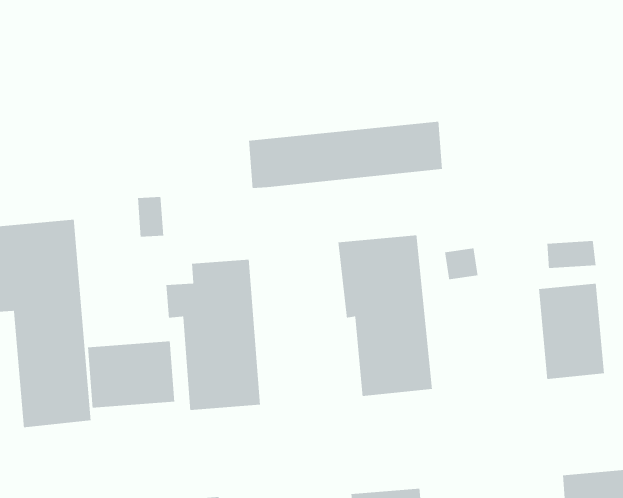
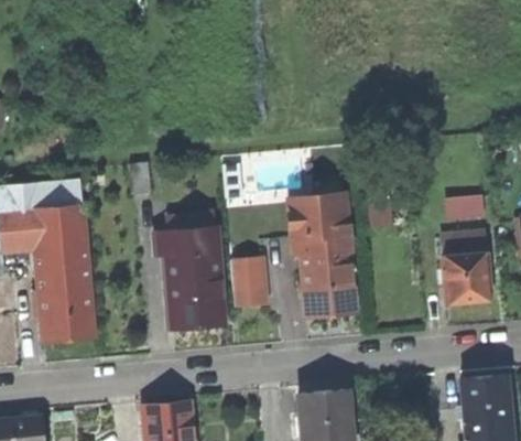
building: [248,121,443,189] -> none
building: none -> [232,260,269,310]
building: [87,340,175,409] -> none

